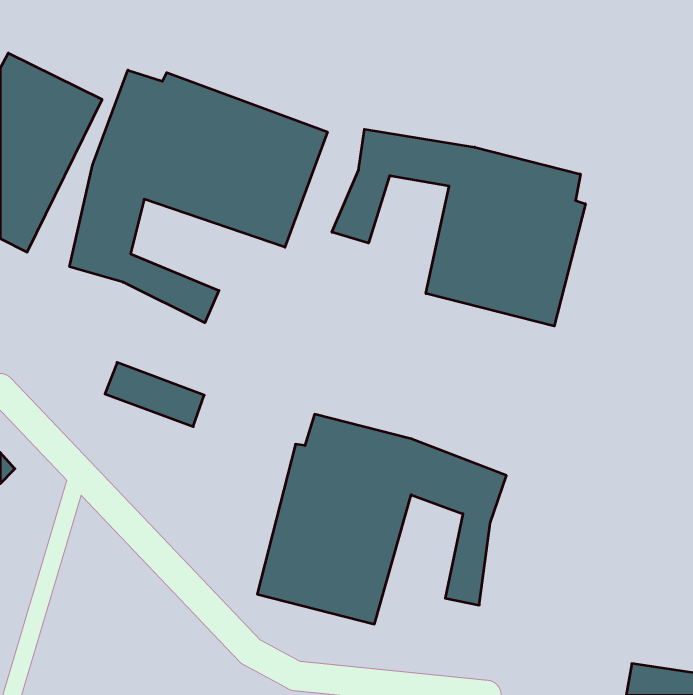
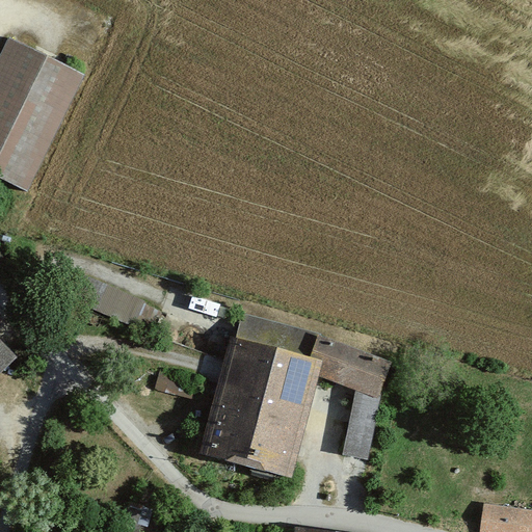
building: [70,70,327,323] -> none
building: [332,129,585,326] -> none

